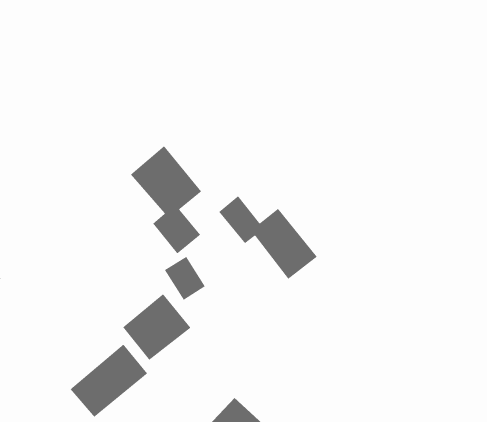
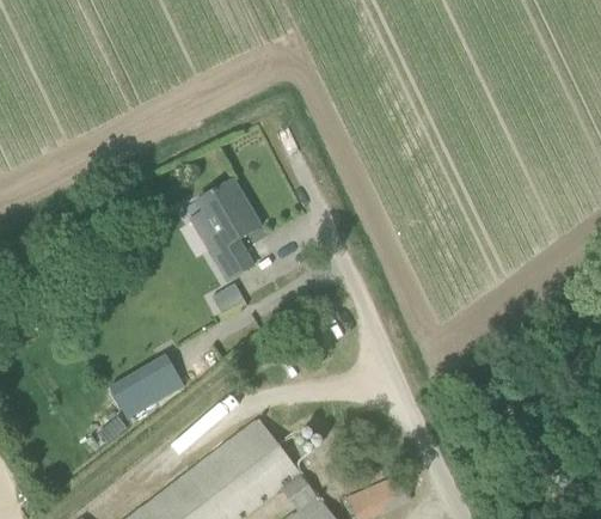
building: [218,195,318,280] -> none
building: [122,293,191,361] -> none

